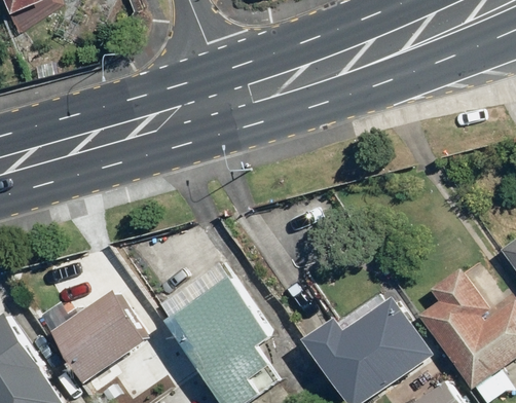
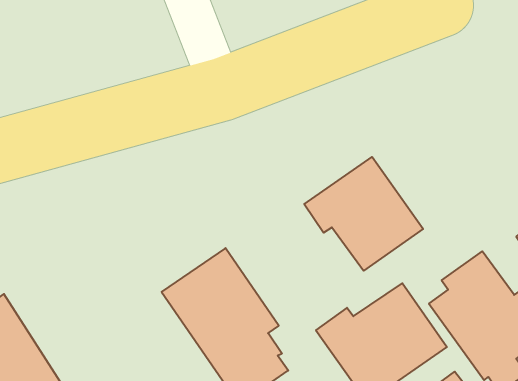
building: none -> [304,157,423,271]
building: [50,289,146,383] -> none

